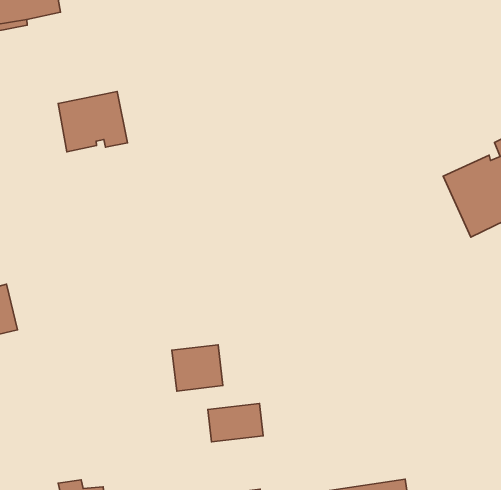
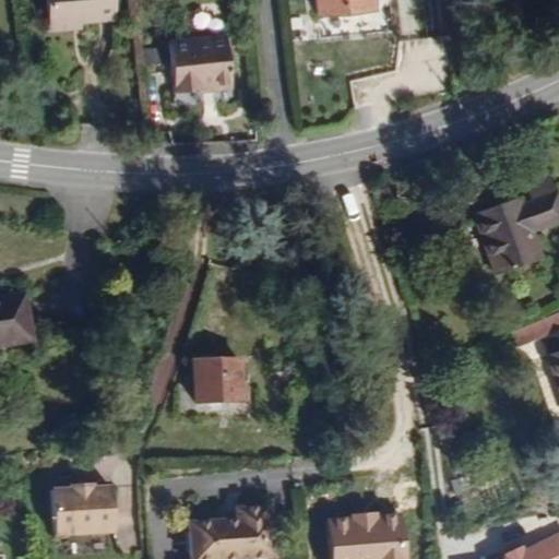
building: [58,91,127,152] -> [167,38,231,93]
building: [208,404,263,442] -> none

